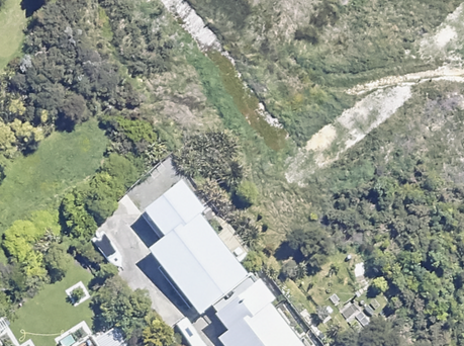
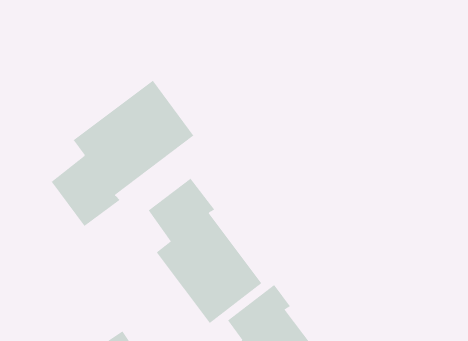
building: none -> [51,80,194,227]

